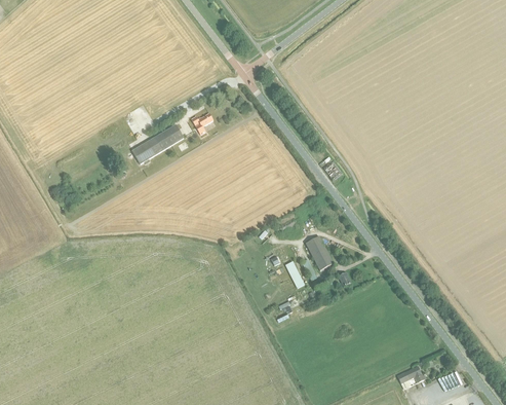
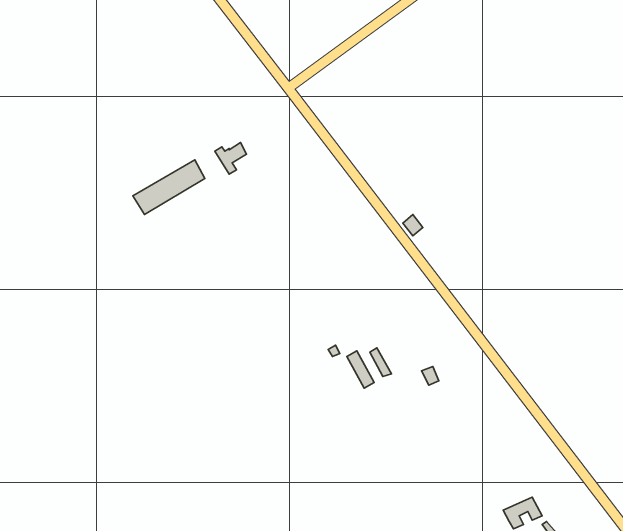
building: [305,235,333,270] -> none

